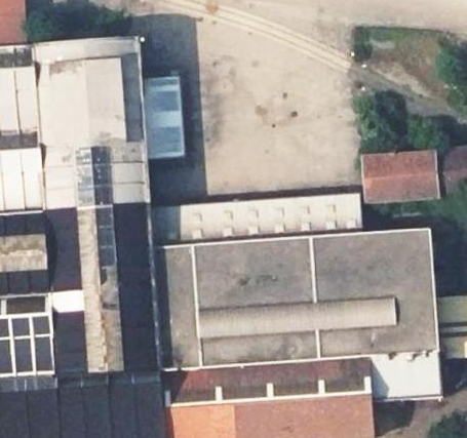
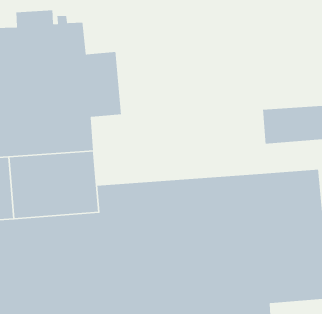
building: [148,192,359,249] -> none

